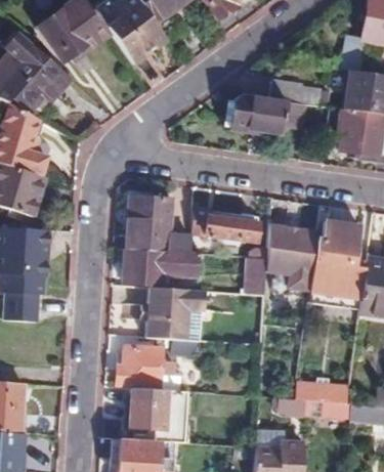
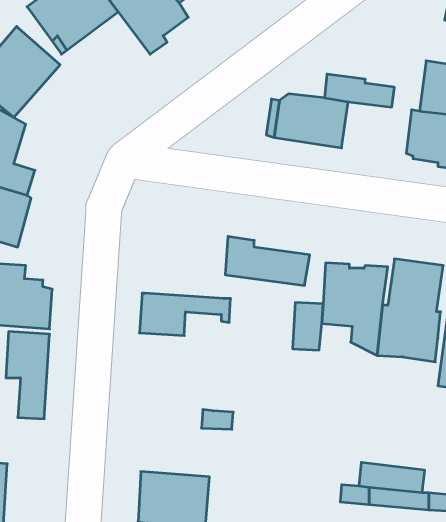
building: [131,200,194,253] -> none
building: [142,286,187,339] -> none
building: [118,347,175,386] -> none

